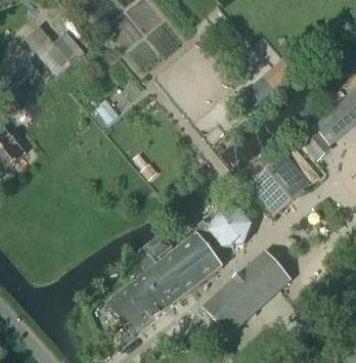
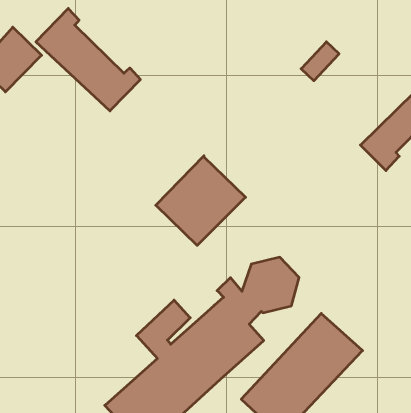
building: none -> [36,8,140,111]
building: [247,152,310,215] -> [156,156,246,245]

